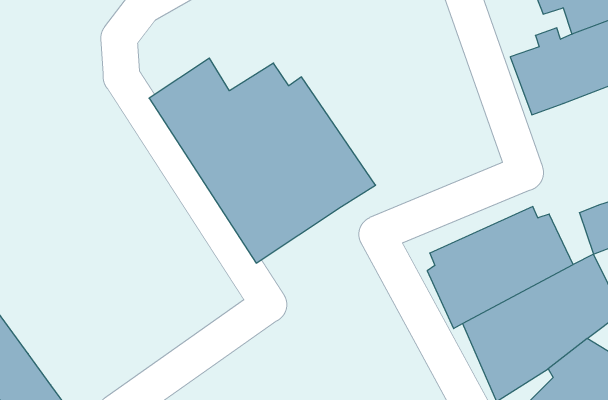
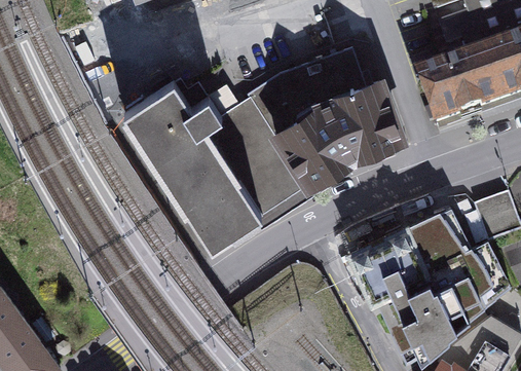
building: none -> [249,48,402,185]

